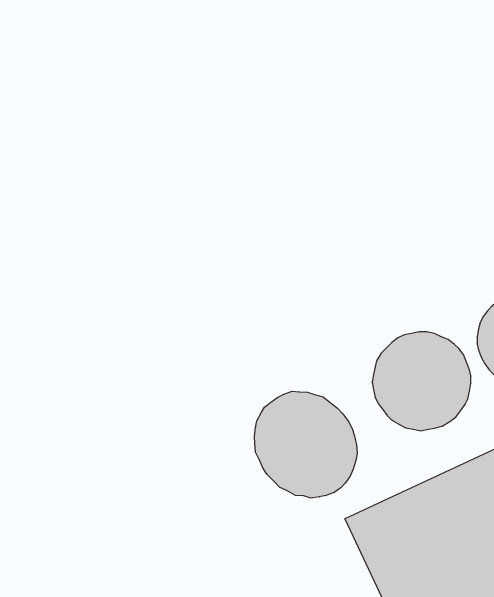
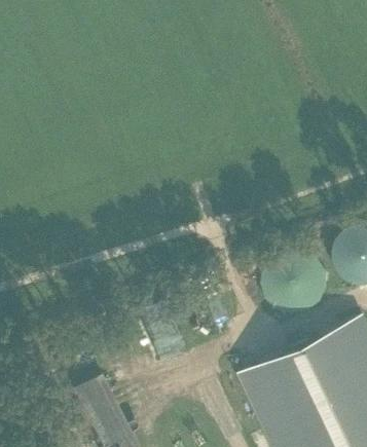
building: [254,391,357,498] -> none

